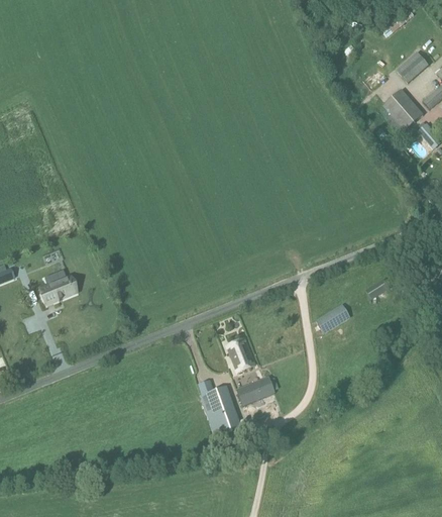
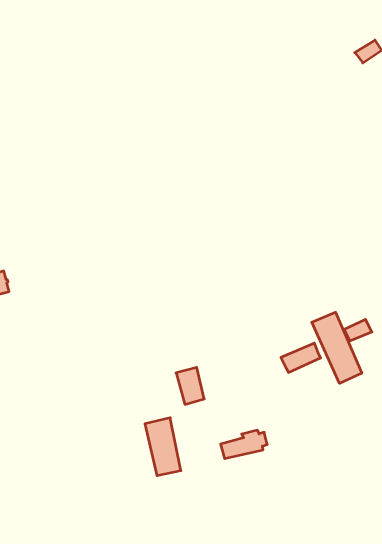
building: none -> [312,312,362,383]
building: [237,377,278,405] -> [221,430,267,459]

